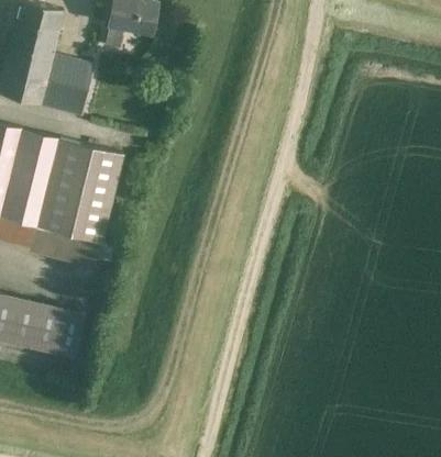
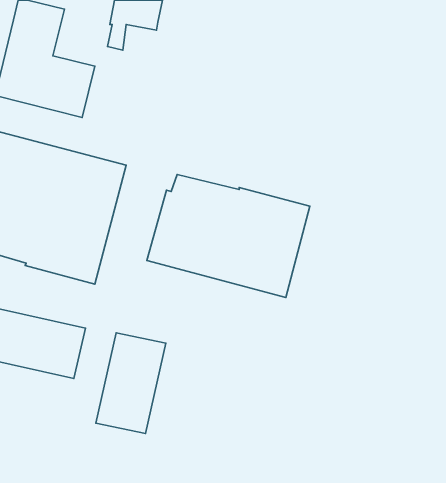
building: none -> [147,174,310,298]
building: none -> [96,333,166,434]

